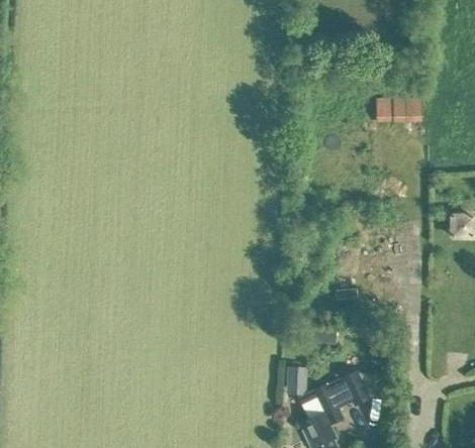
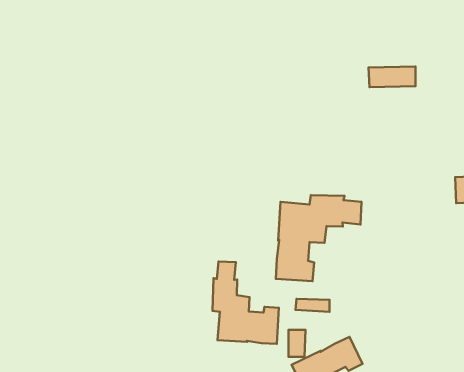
building: none -> [276,195,362,281]
building: none -> [213,261,279,344]

